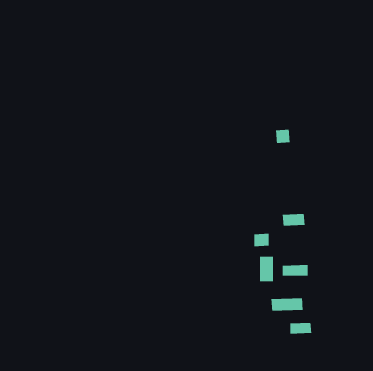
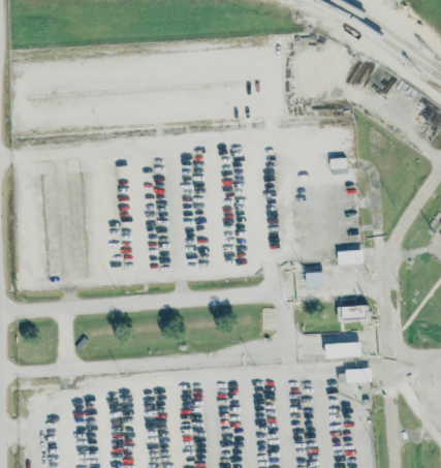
building: [259,256,274,282] -> none

